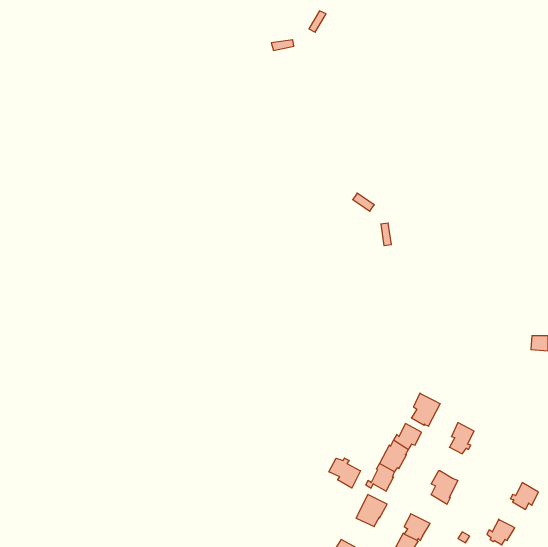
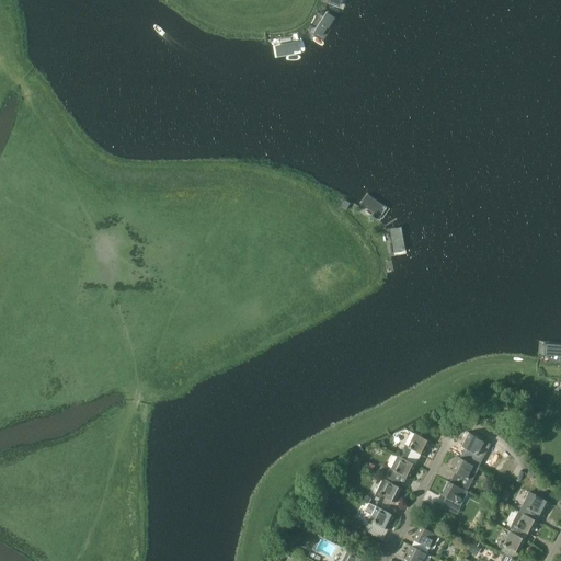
building: [411,393,440,426] -> [449,457,479,491]
building: [329,458,361,488] -> none
building: none -> [510,512,538,539]

